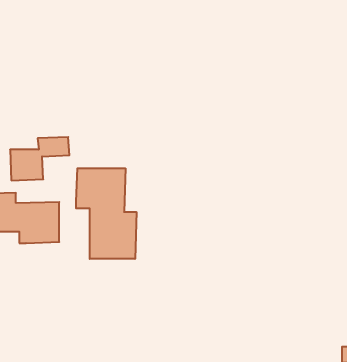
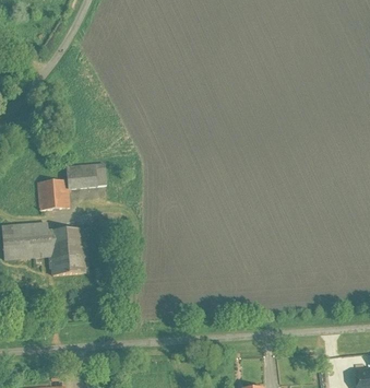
building: [76,168,136,259] -> none

